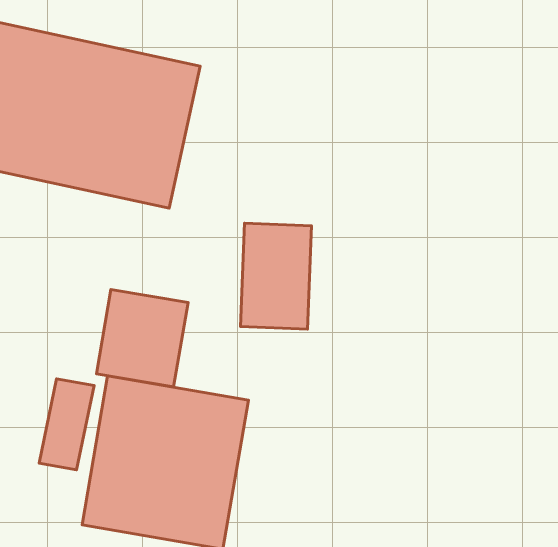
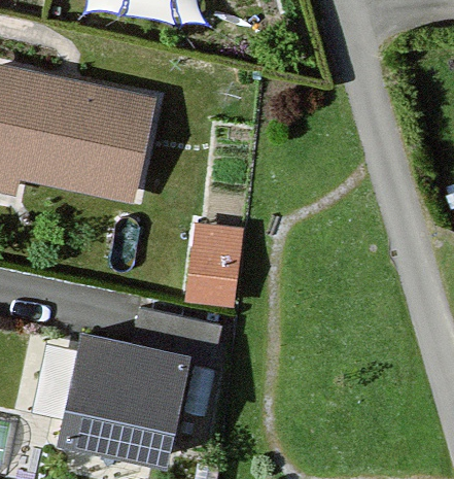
building: [96,289,188,387] -> none

